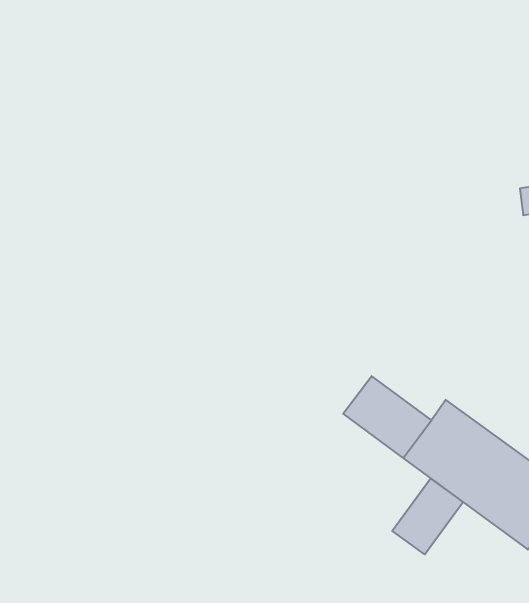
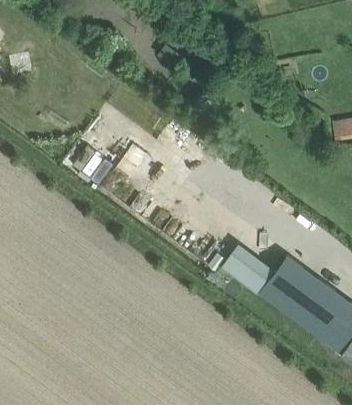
building: [392,479,463,554] -> none

